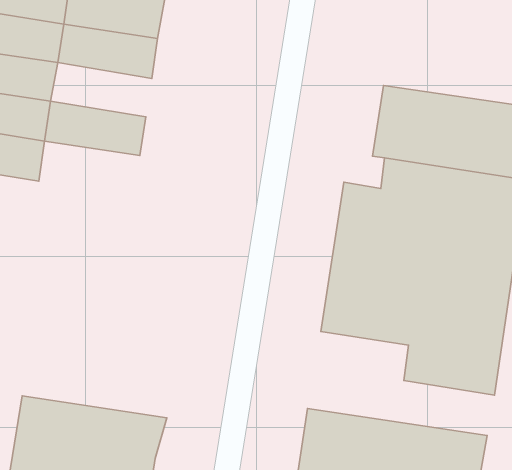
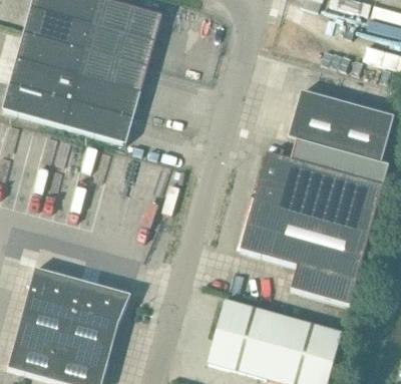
building: none -> [78,49,147,92]
building: none -> [64,100,133,143]

